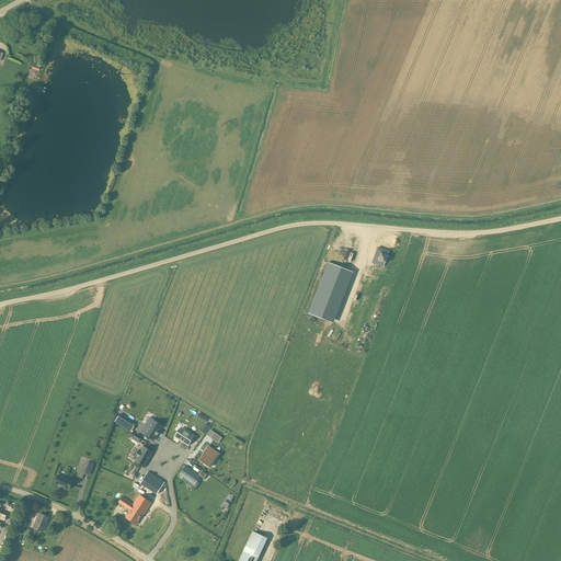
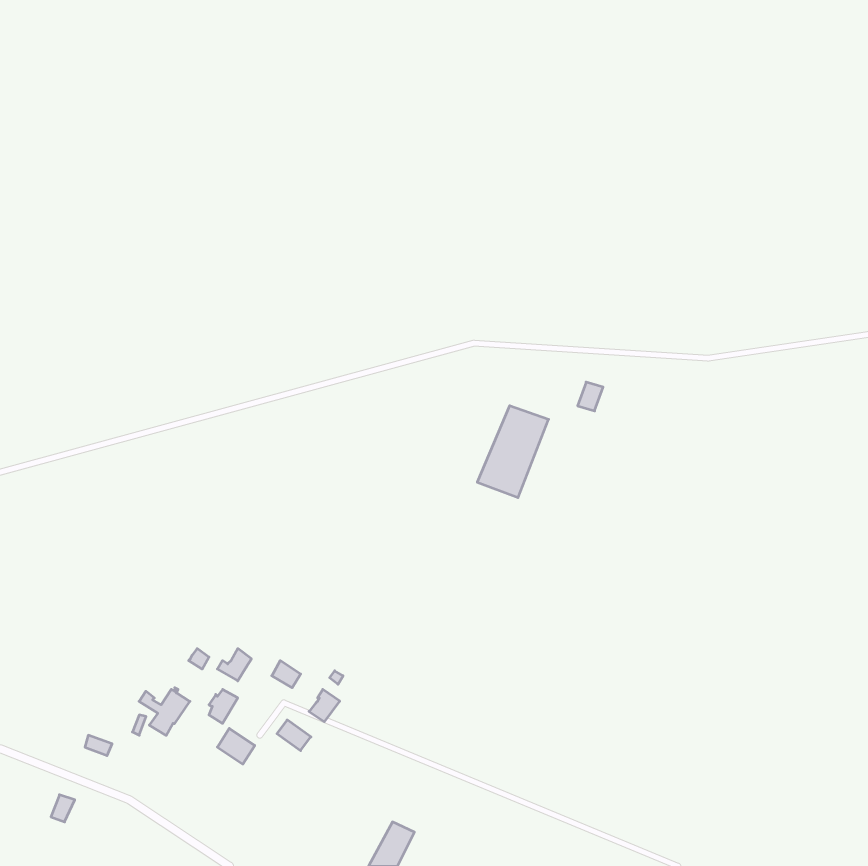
building: [118,493,151,524] -> [139,688,190,735]

